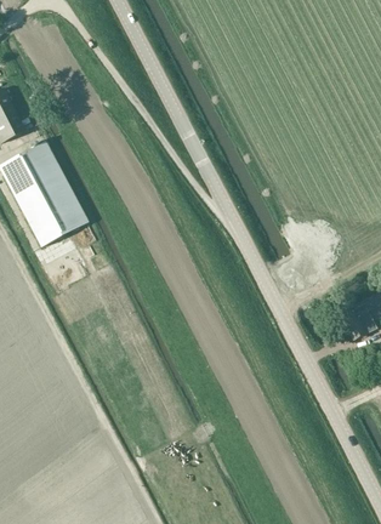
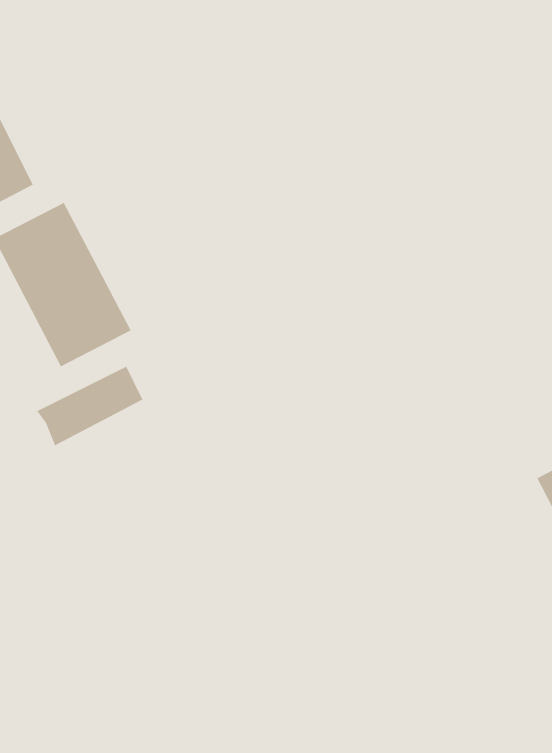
building: none -> [36,366,143,446]

